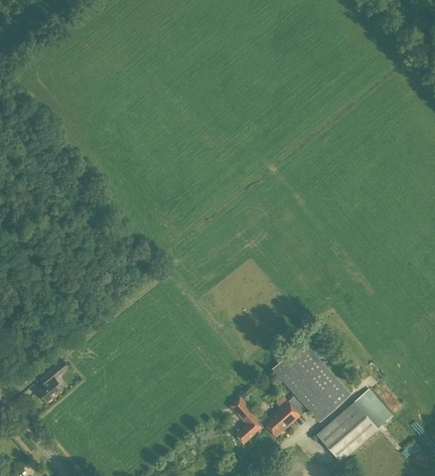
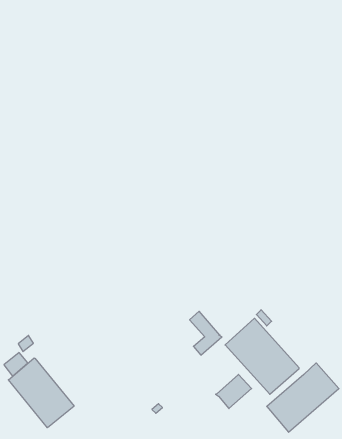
building: none -> [8,358,74,428]
building: [231,396,265,443] -> [190,311,222,355]

